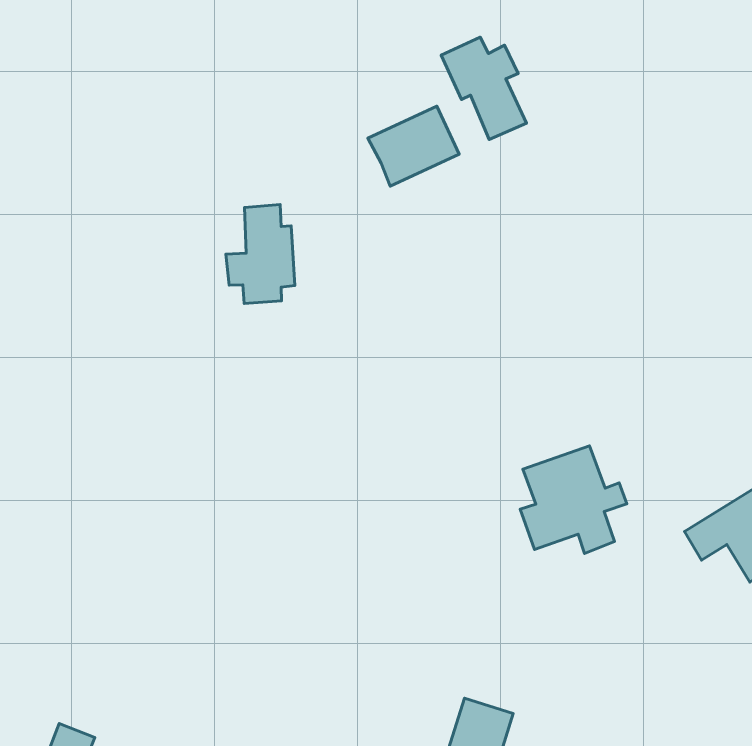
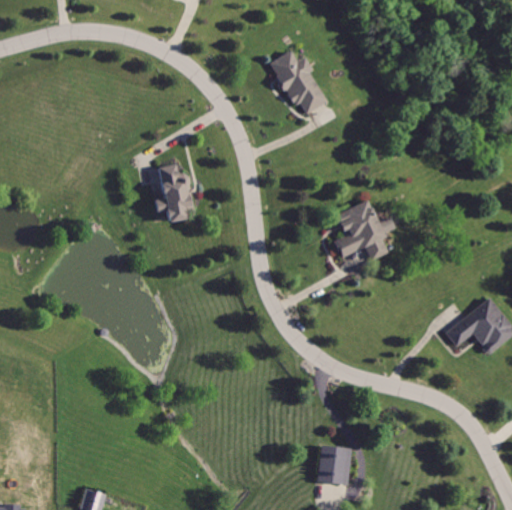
building: [368,106,459,186] -> none
building: [520,446,627,553] -> [329,197,393,262]

